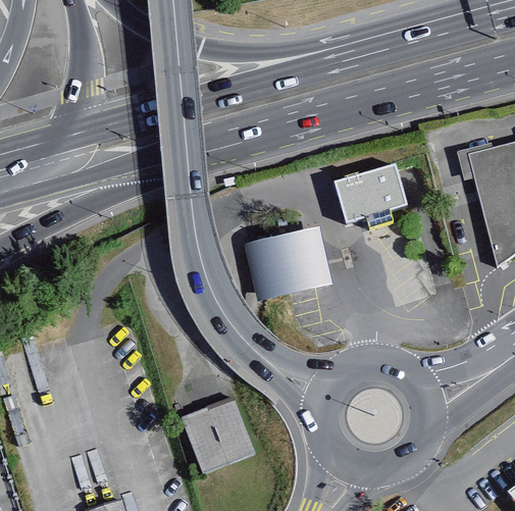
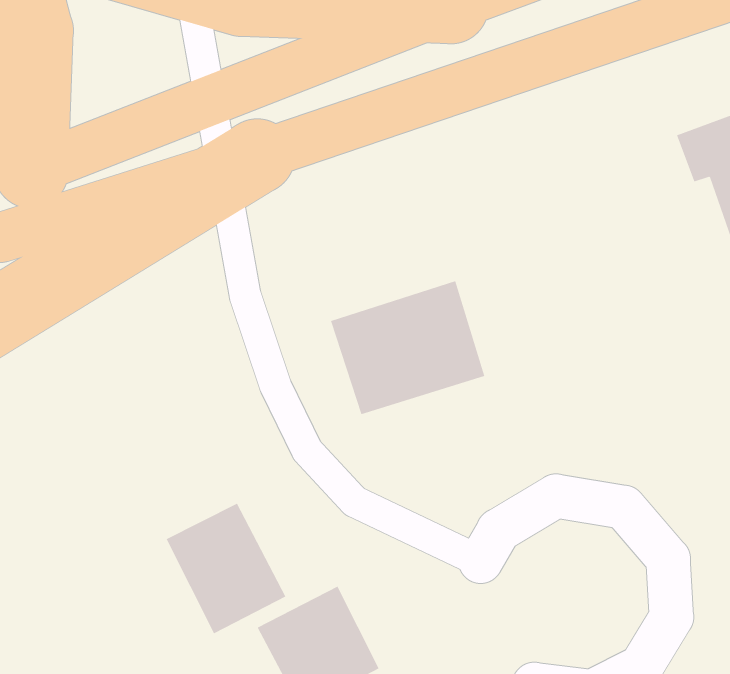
building: [333,162,408,226] -> none
building: none -> [166,503,286,634]

